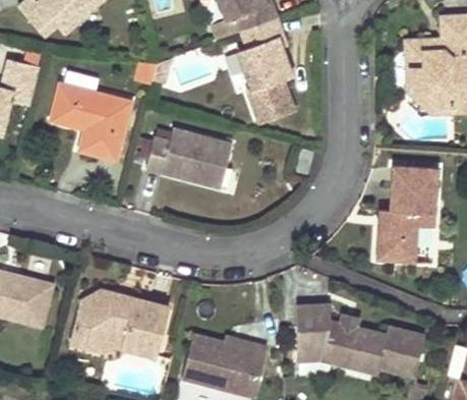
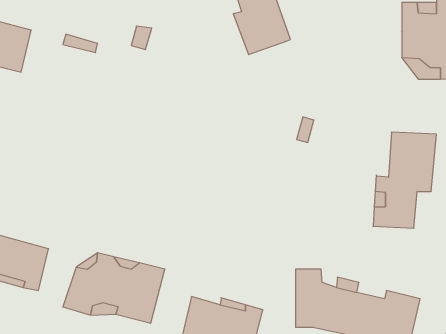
building: [252,76,301,125] -> none
building: [48,83,129,161] -> none
building: [143,128,229,188] -> none

